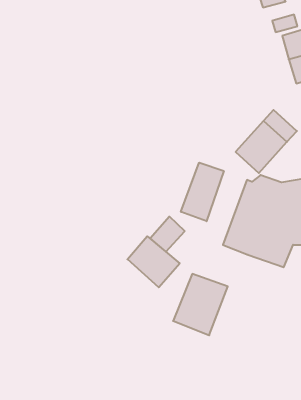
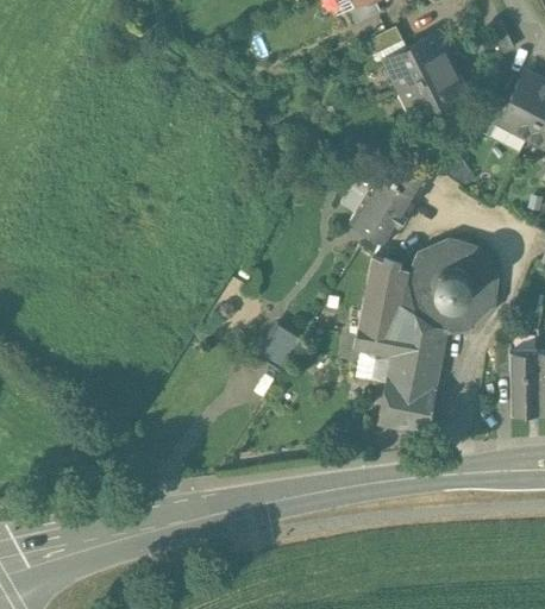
building: [181,163,224,221] -> none
building: [127,236,180,287] -> none
building: [173,274,228,335] -> [376,357,440,434]

